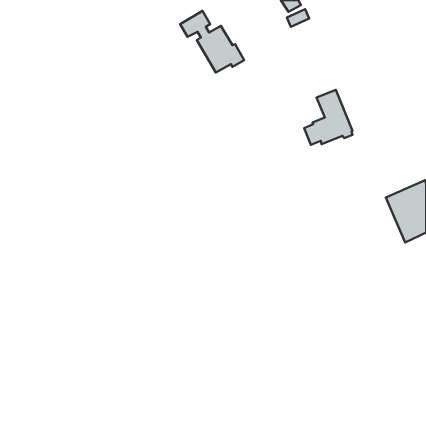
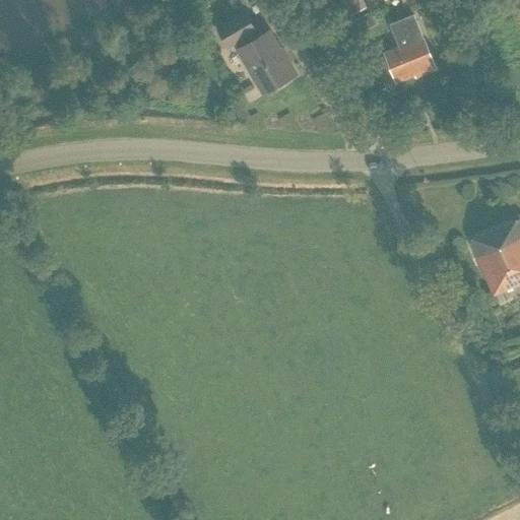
building: [304,90,352,145] -> [376,16,435,83]

